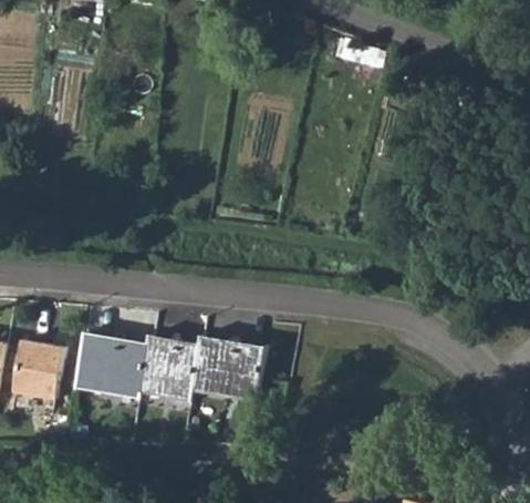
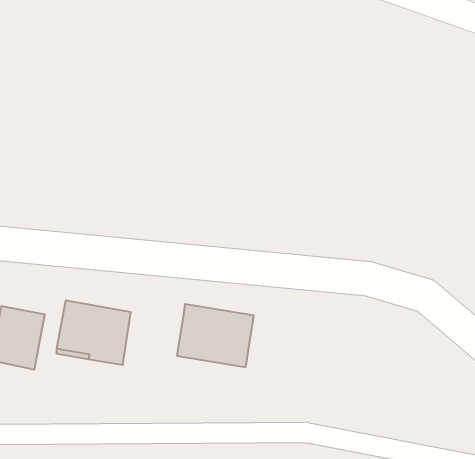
building: [138,337,196,396] -> none

